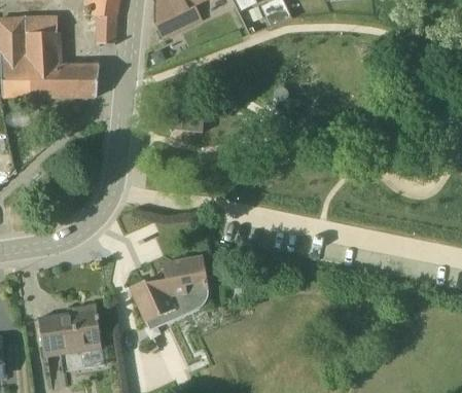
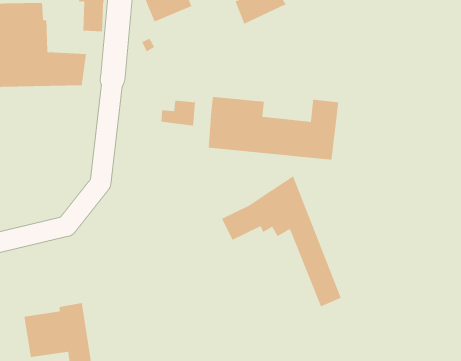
building: none -> [208,96,339,161]
building: none -> [221,175,342,307]
building: [130,255,208,328] -> none

